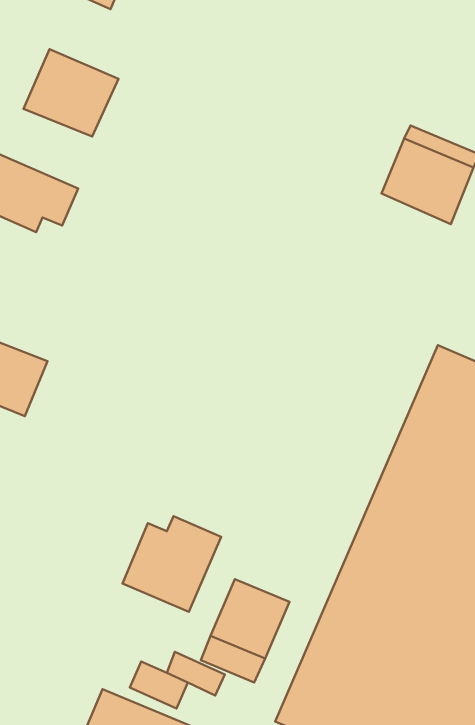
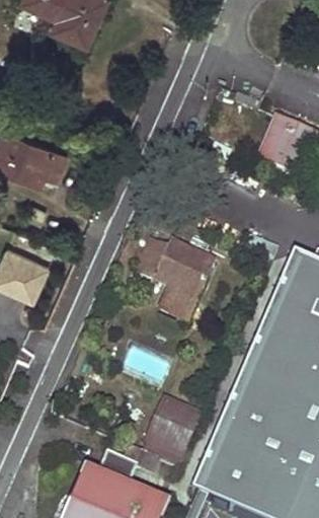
building: [23,49,118,136] -> none
building: none -> [136,242,213,320]
building: [122,516,221,612] -> none

